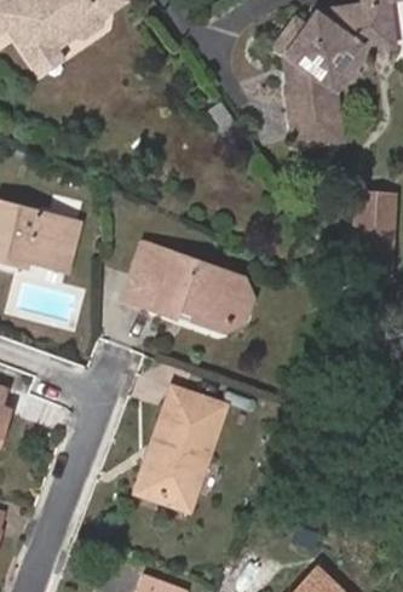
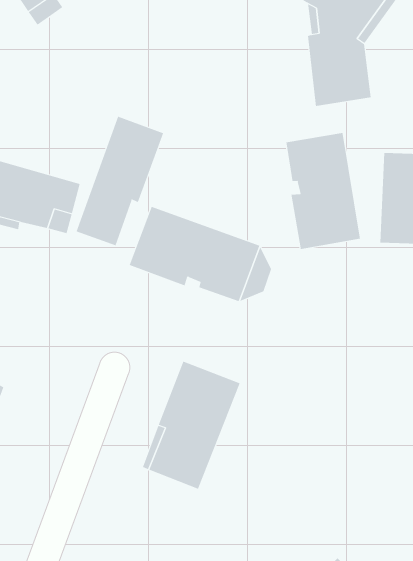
building: none -> [76,116,164,246]
building: none -> [286,132,360,250]

